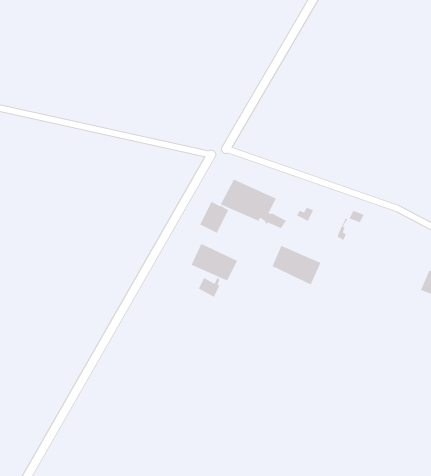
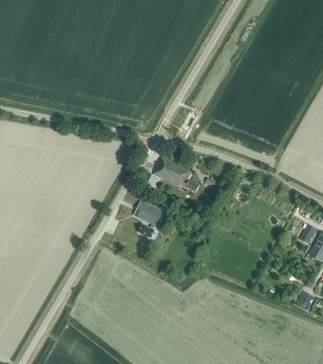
building: [272,245,322,285] -> none

